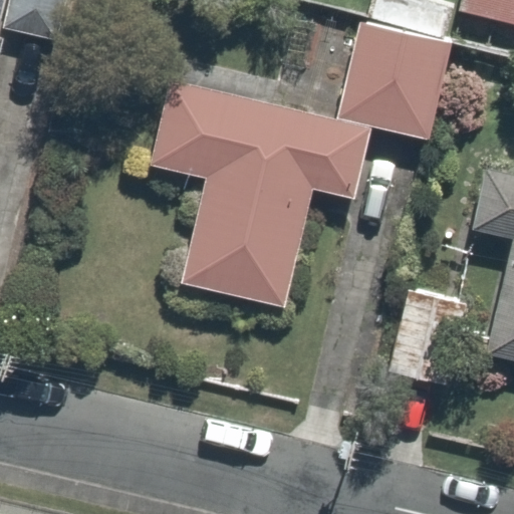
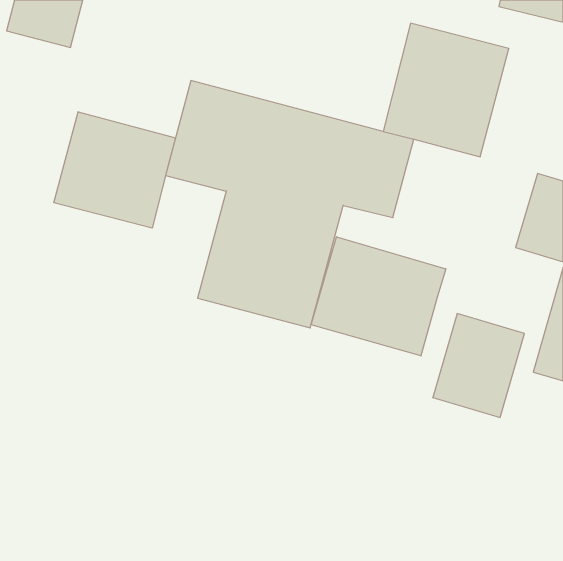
building: none -> [54,112,176,228]
building: none -> [311,237,446,356]

